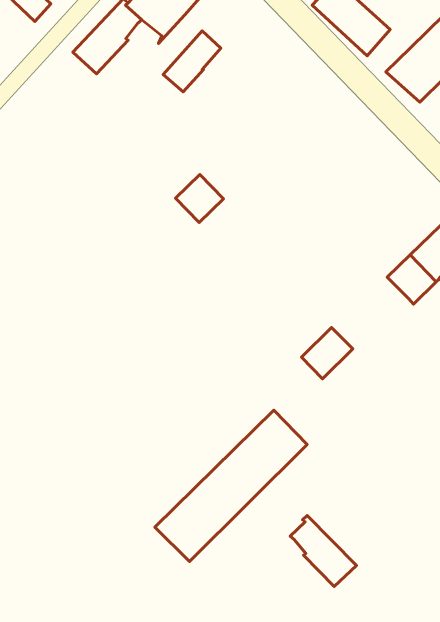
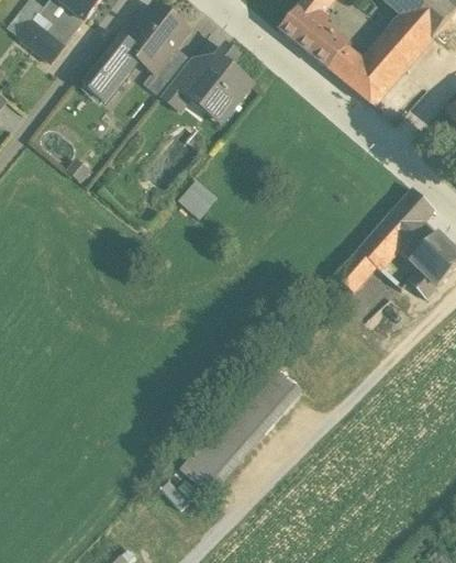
building: none -> [143,44,190,95]
building: none -> [192,45,252,114]
building: none -> [327,44,363,79]
building: [301,327,353,379] -> [334,249,376,291]
building: [290,515,356,587] -> none

